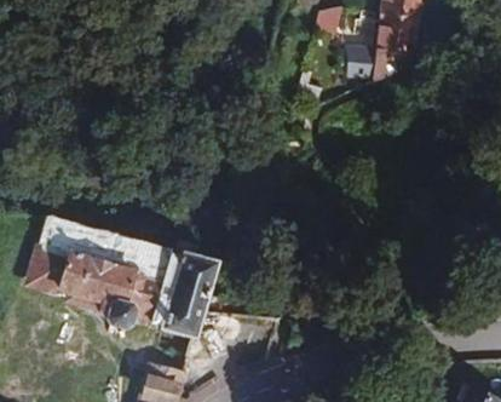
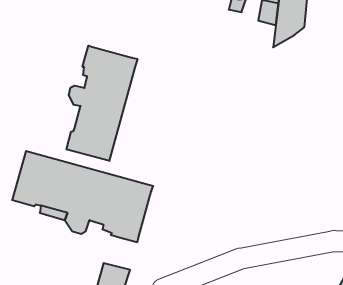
building: none -> [67,46,137,161]

